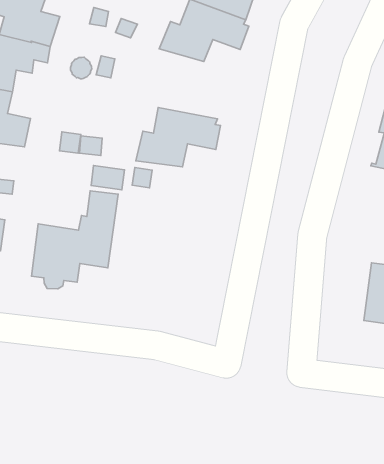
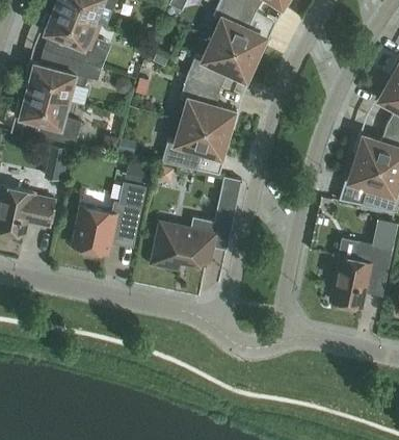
building: none -> [180,75,238,133]
building: none -> [215,176,241,218]
building: none -> [152,216,217,267]

